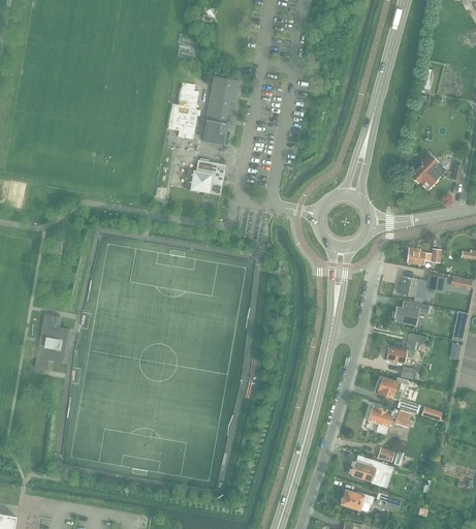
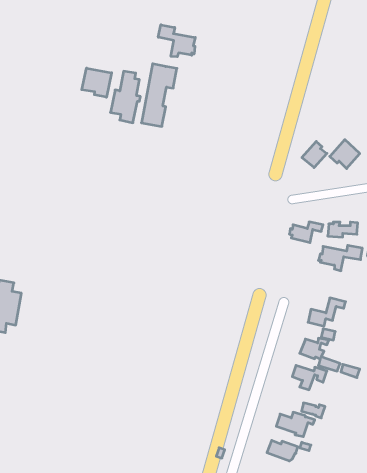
building: none -> [158,25,195,57]
building: none -> [82,68,112,97]
building: [188,158,223,193] -> none
building: none -> [302,141,327,168]
building: [392,303,430,325] -> [289,222,323,243]

